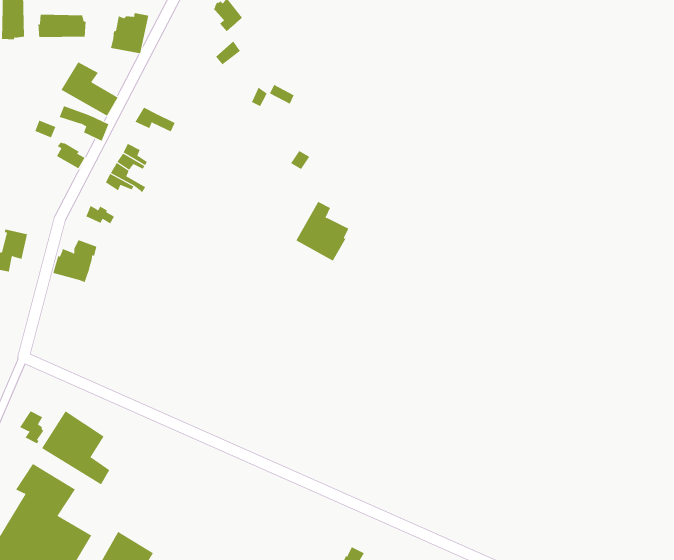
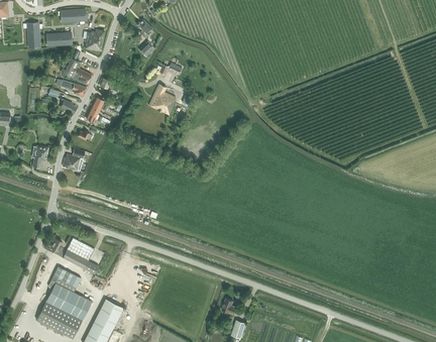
building: [296,201,349,261] -> [148,84,176,114]

